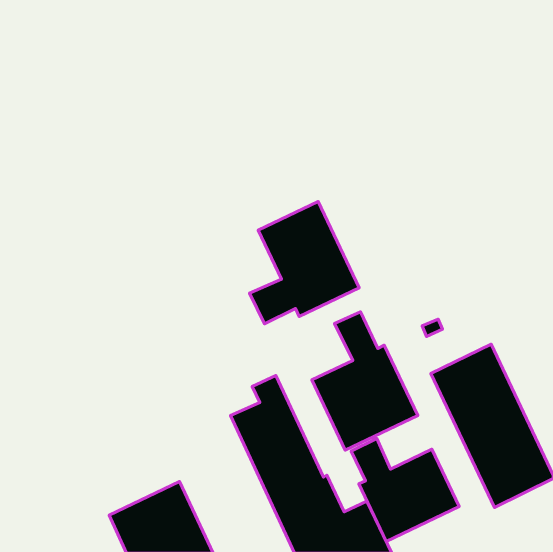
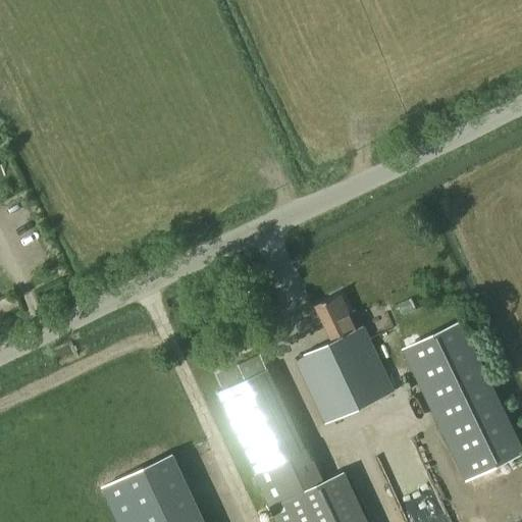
building: [249,202,359,324] -> none
building: [351,438,459,541] -> none

